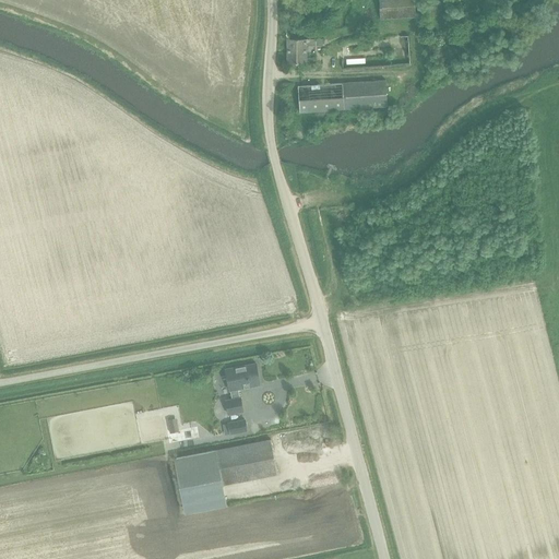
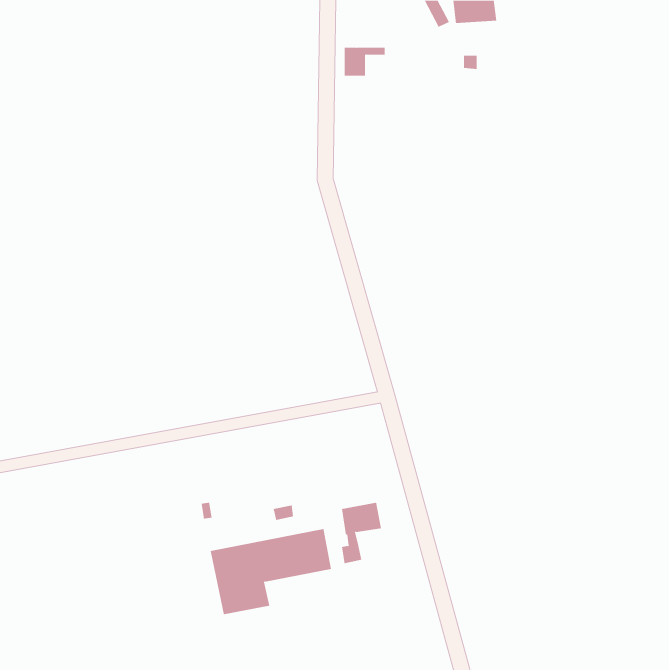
building: [297,81,386,112] -> none
building: [225,364,259,415] -> [341,502,382,564]

